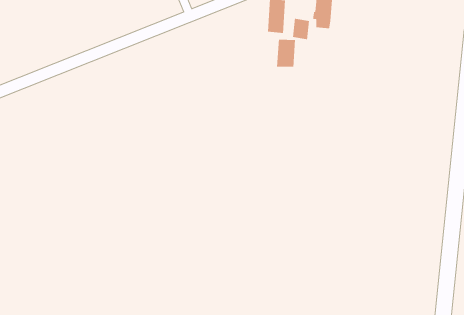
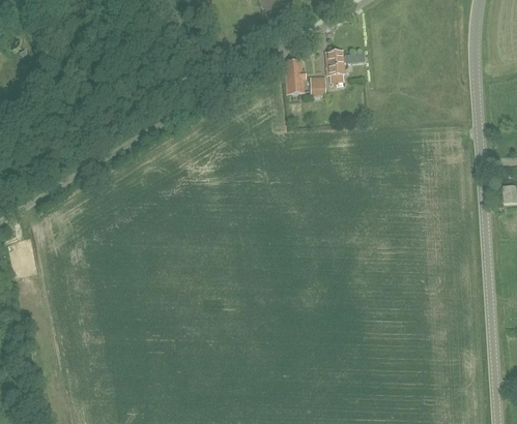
building: [277,39,296,68] -> none

